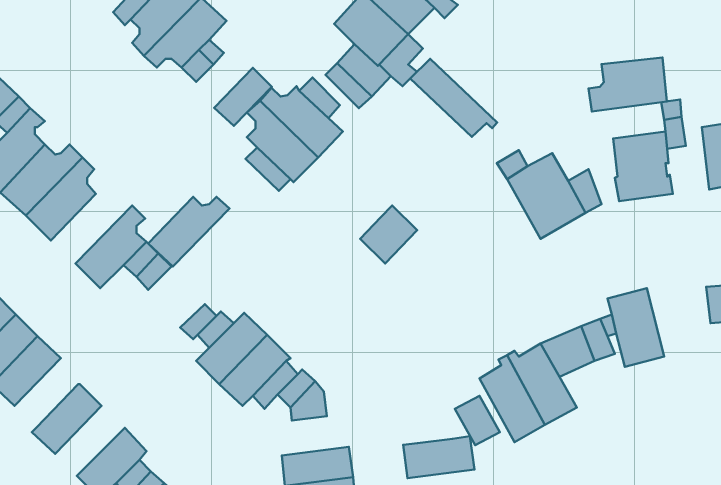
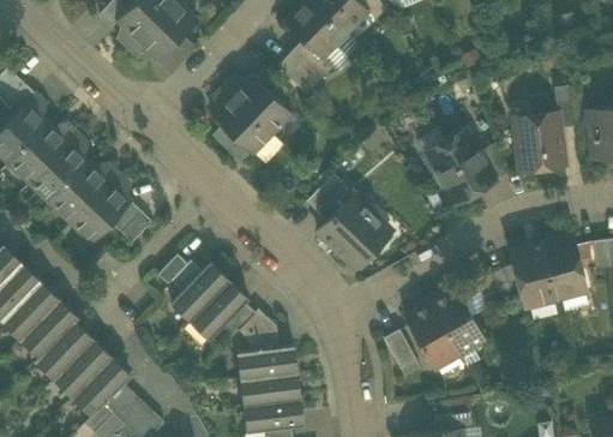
building: [588,58,667,112] -> none
building: [410,59,497,137] -> none
building: [214,68,272,126] -> none
building: [148,197,230,267] -> [50,164,118,222]
building: none -> [315,194,389,267]
building: none -> [542,235,584,299]
building: none -> [20,300,78,358]
building: none -> [54,340,112,397]
building: [403,436,474,478] -> [238,346,296,381]

